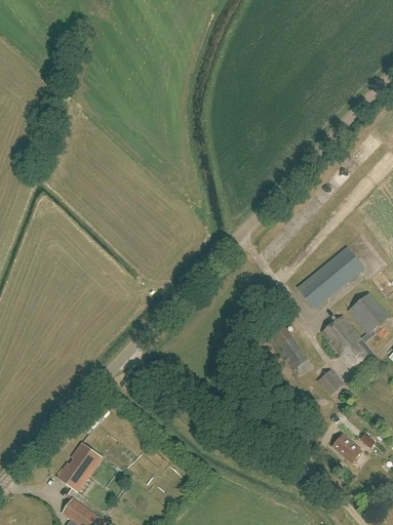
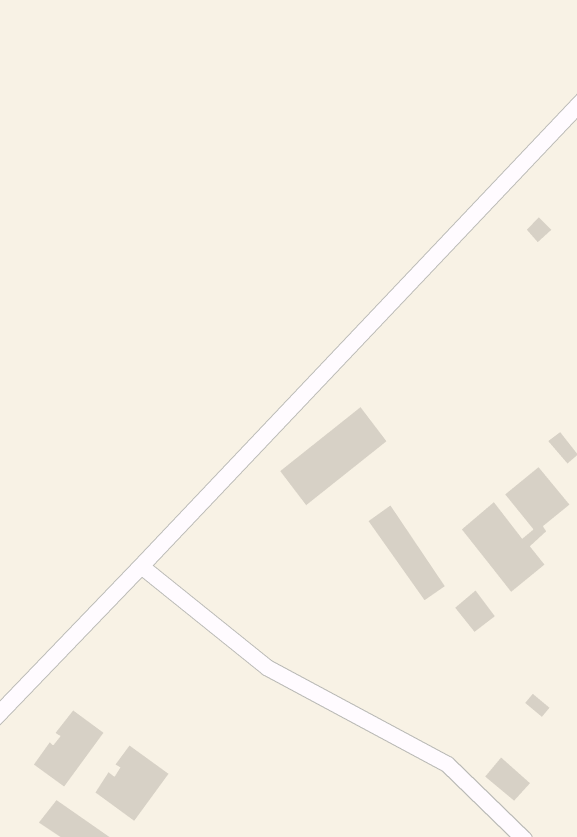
building: [298,247,364,309] -> [279,406,387,506]
building: [332,435,361,462] -> [484,757,531,801]
building: none -> [94,745,170,822]

